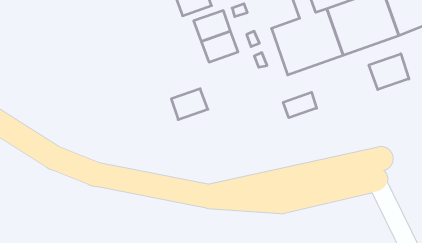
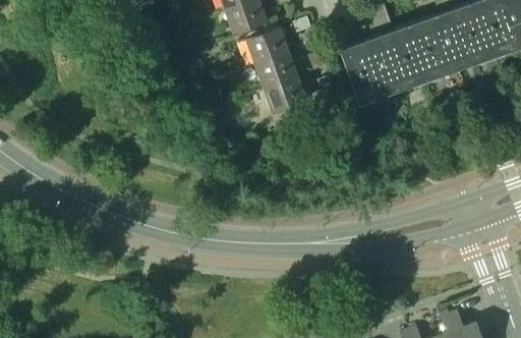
building: [369,54,409,90] -> none
building: [171,89,208,120] -> [265,76,308,113]
building: [283,92,317,118] -> none

